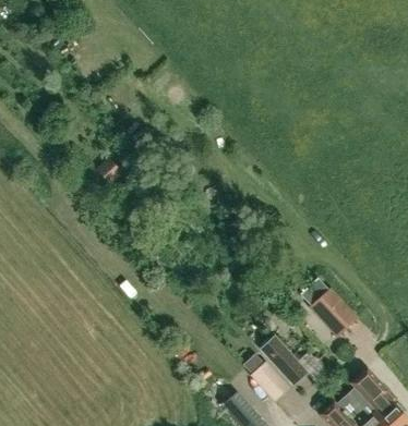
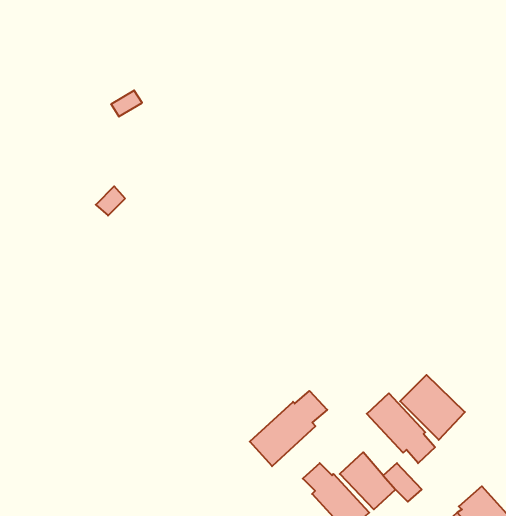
building: none -> [250,391,327,466]
building: none -> [367,393,435,463]

